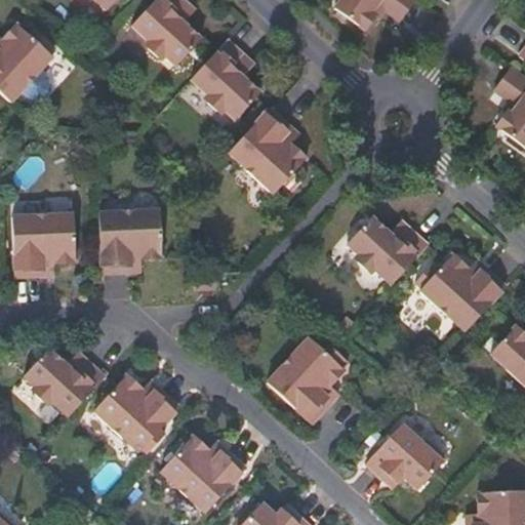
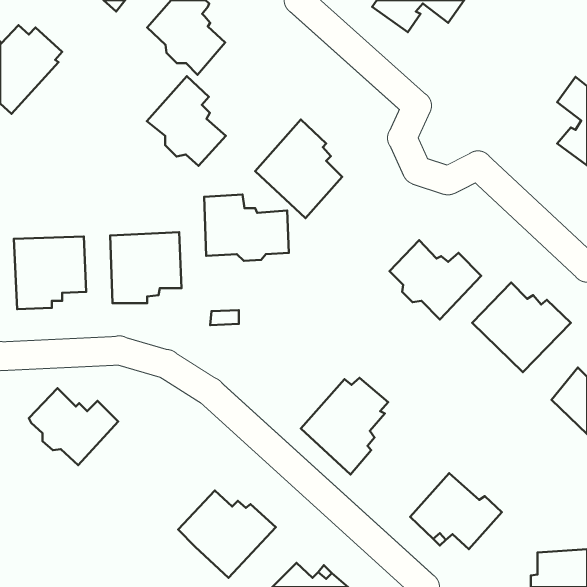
building: [190,39,260,119] -> [147,76,226,166]
building: none -> [204,195,289,261]
building: [94,375,179,454] -> none

